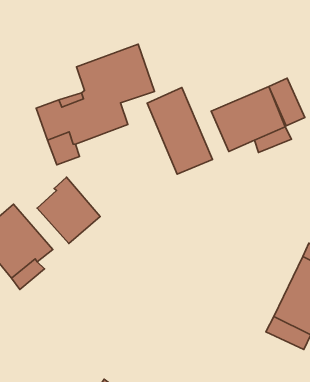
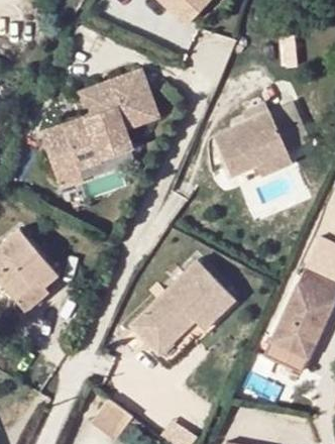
building: [147,87,212,174] -> none
building: [37,177,100,244] -> none
building: none -> [128,260,237,364]

